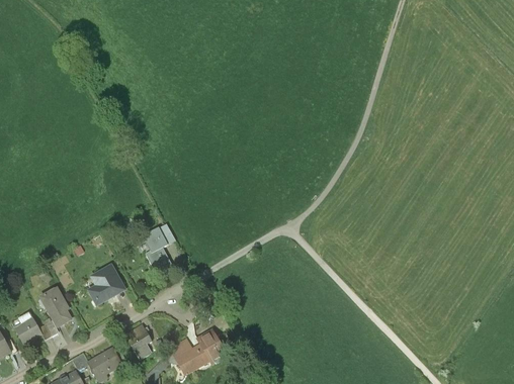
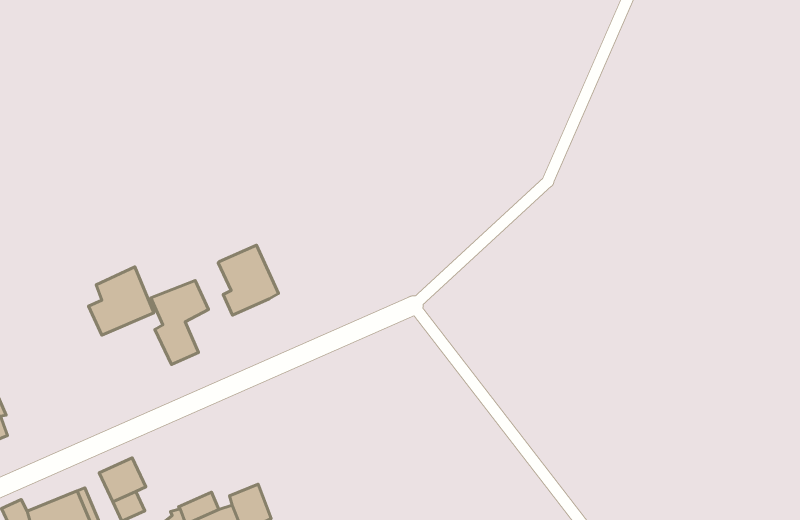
building: none -> [218,245,278,315]
building: [88,265,124,304] -> [88,267,154,335]

